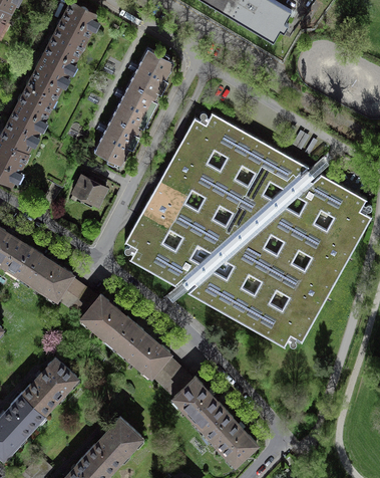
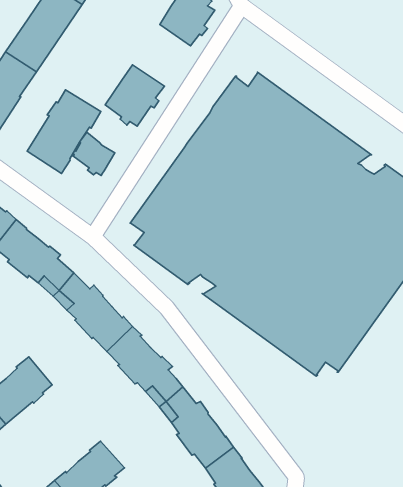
building: [111,83,155,132] -> none
building: none -> [27,90,101,173]

